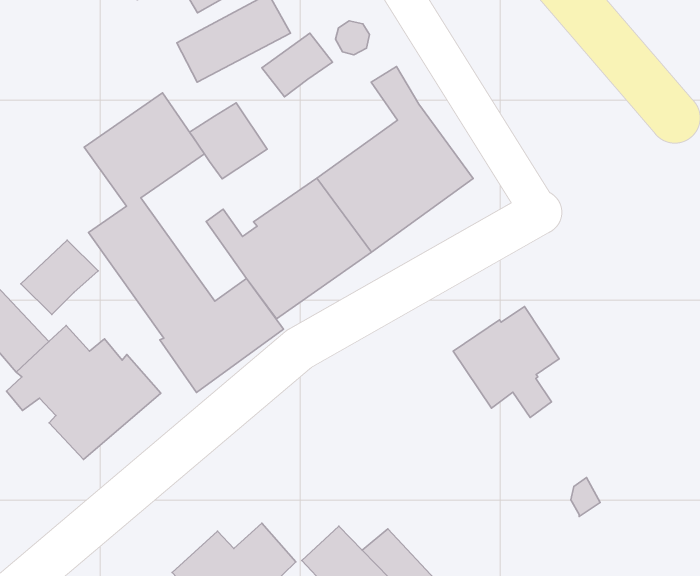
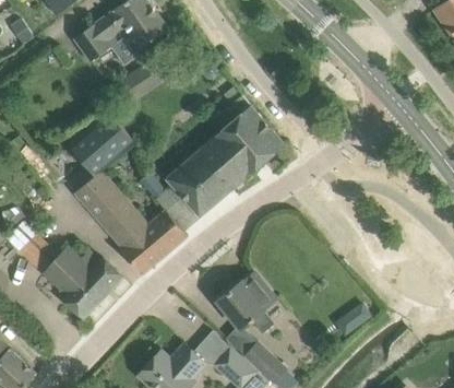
building: [262,33,333,97] -> none
building: [189,103,267,179] -> none
building: [21,240,98,314] -> none
building: [453,306,559,418] -> [216,272,275,333]

